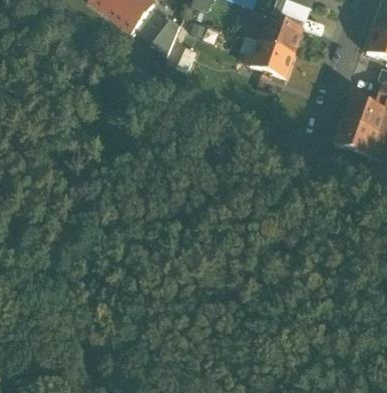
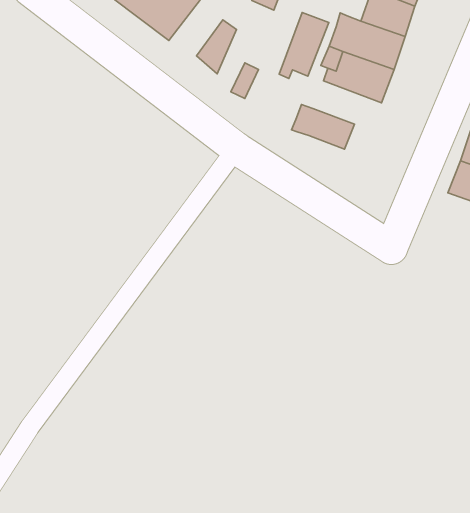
building: none -> [279,12,329,78]
building: none -> [291,105,354,149]

